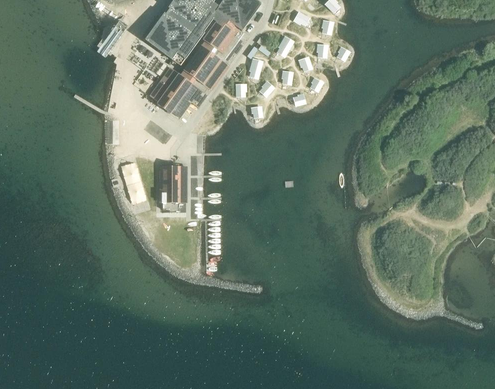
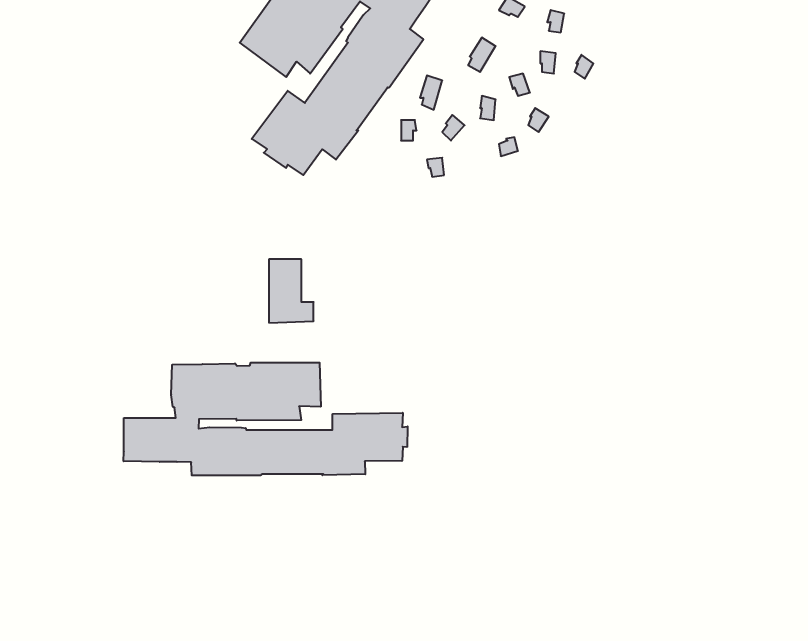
building: none -> [124,363,408,475]

